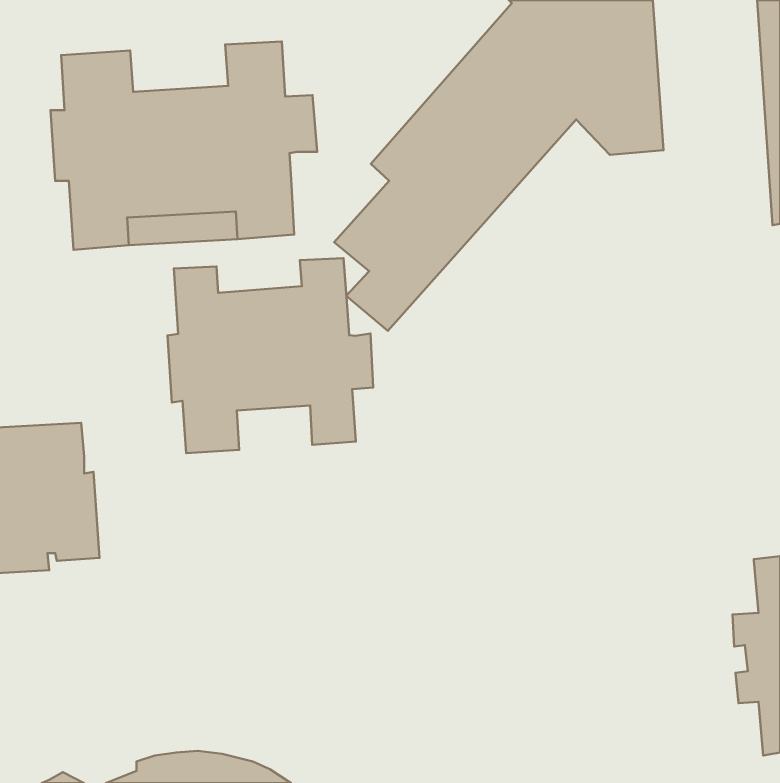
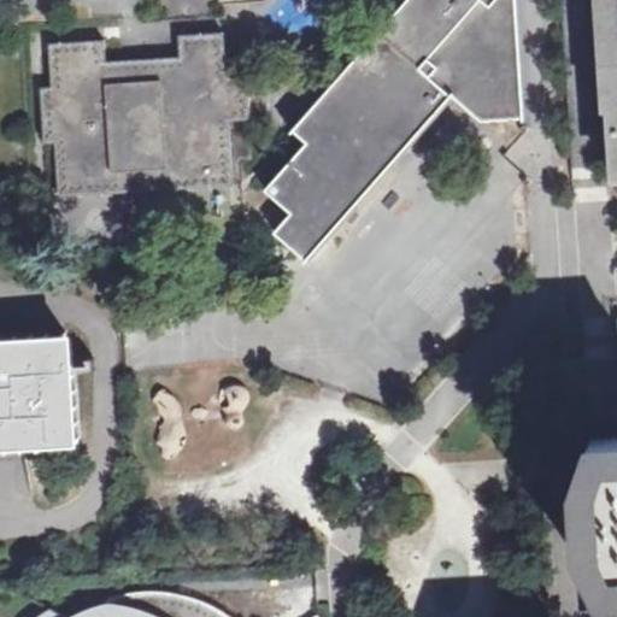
building: [168,258,373,453] -> none

